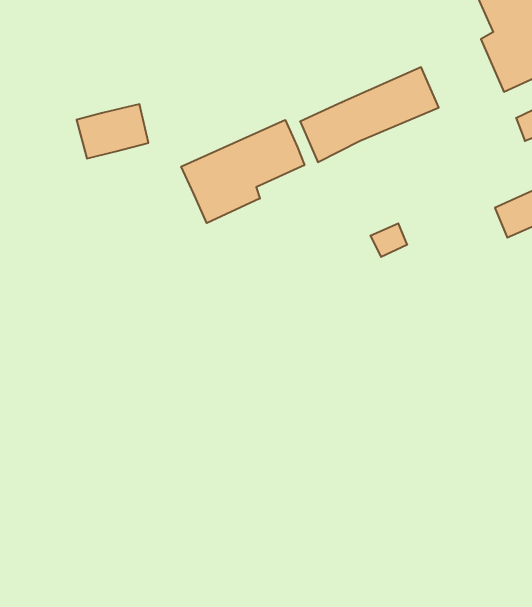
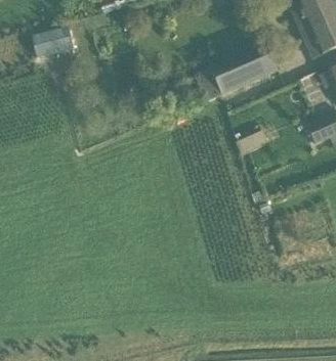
building: [76,104,148,159] -> [31,25,73,56]
building: [181,120,304,223] -> none

